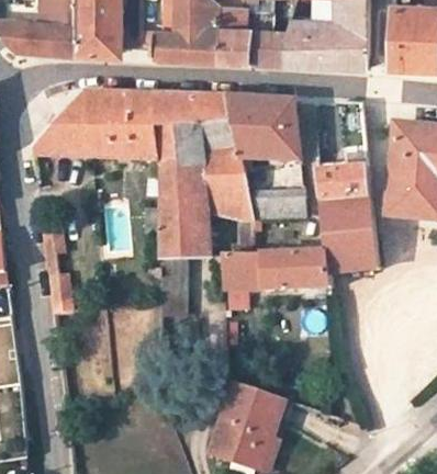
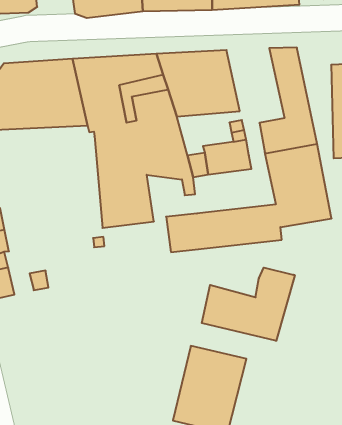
building: none -> [202,268,295,341]

